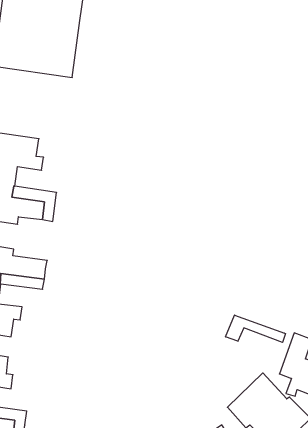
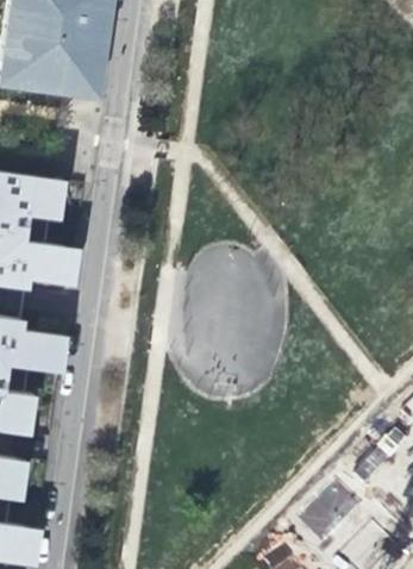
building: [226,315,285,342] -> none

